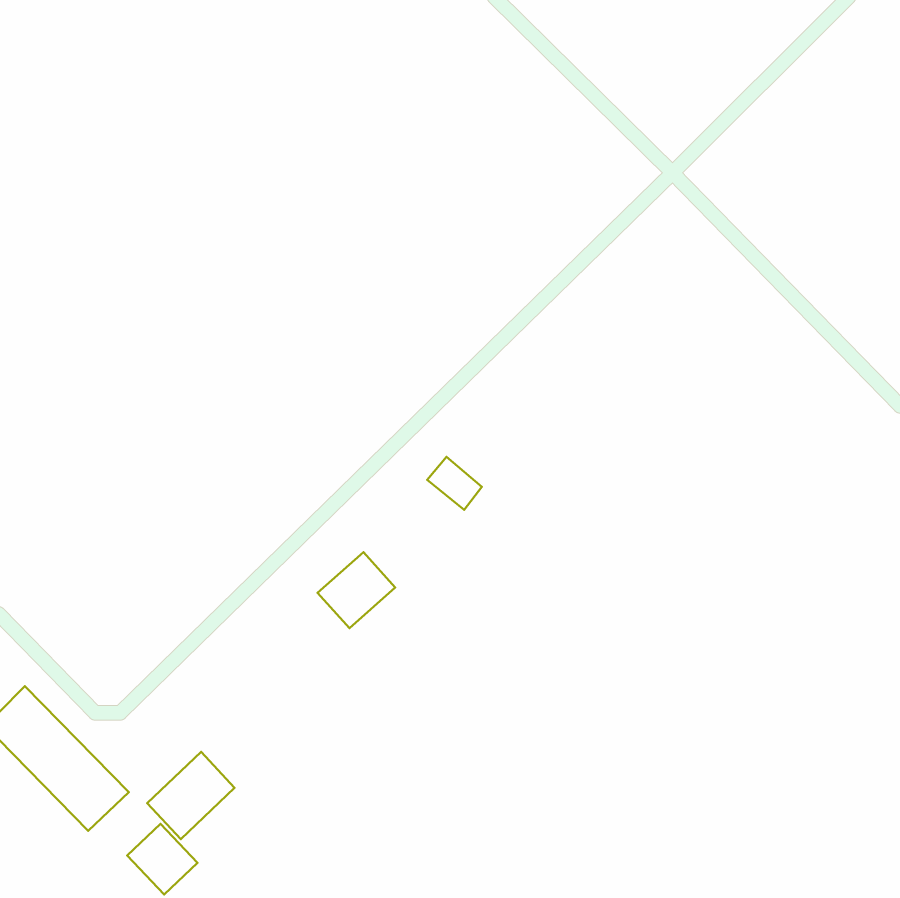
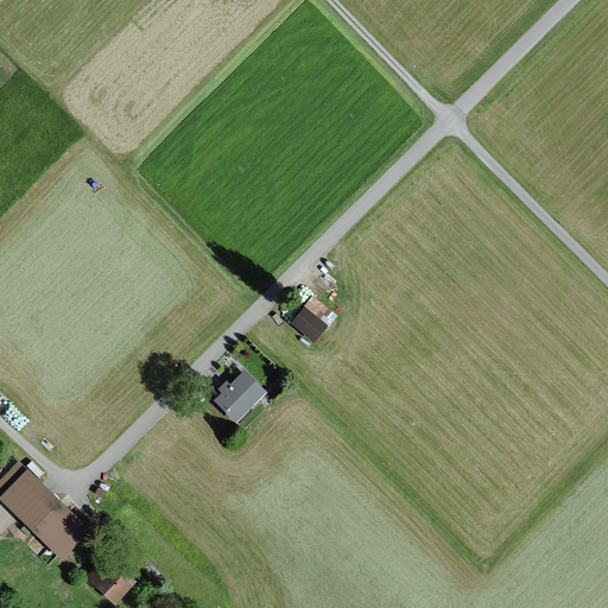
building: none -> [300,294,335,328]
building: [147,752,234,839] -> none

